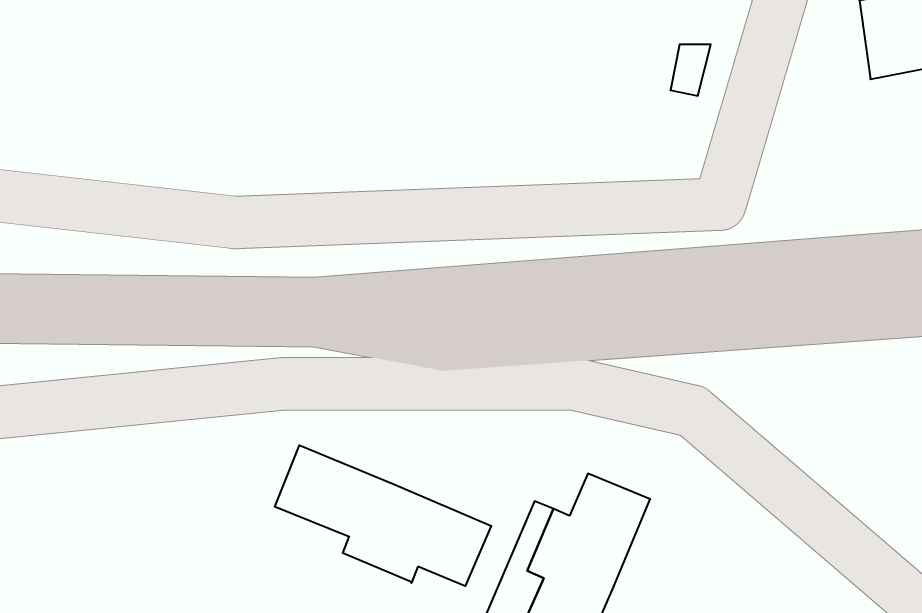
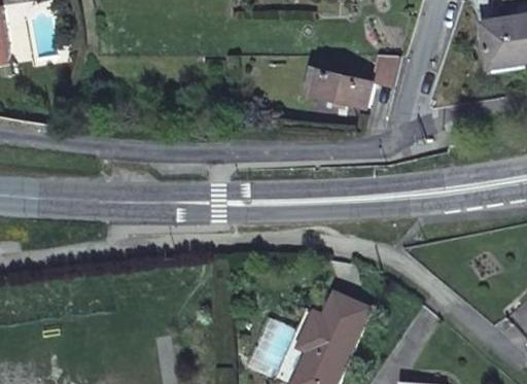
building: none -> [315,68,373,106]
building: [275,445,491,586] -> none

